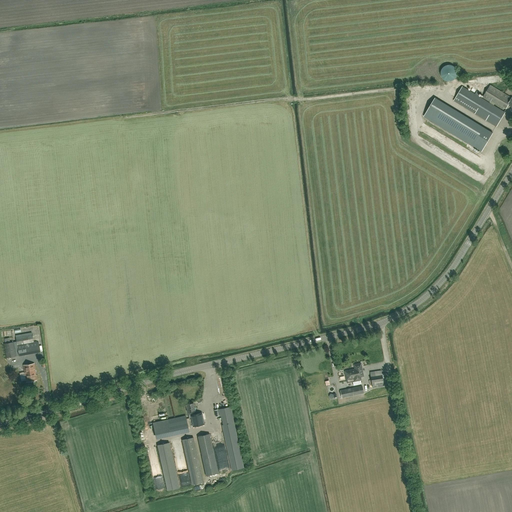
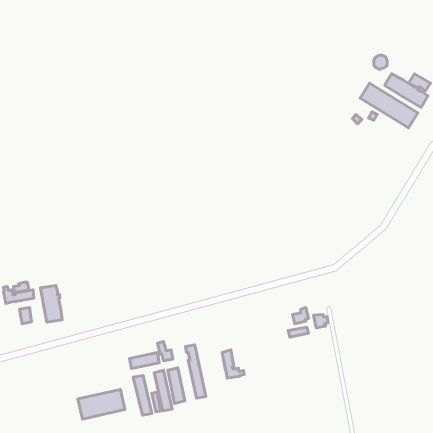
building: none -> [40,285,62,322]
building: none -> [222,350,244,378]
building: none -> [78,389,125,419]

